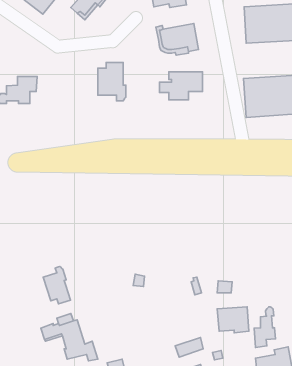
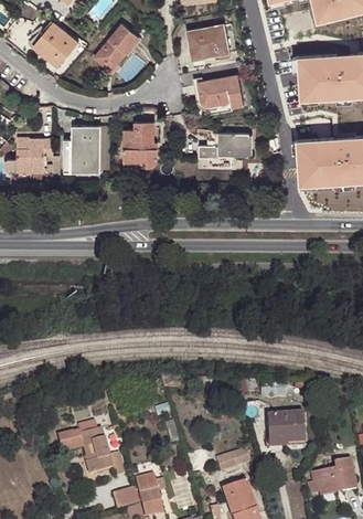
building: none -> [63,127,102,172]
building: [43,267,70,304] -> none
building: [254,307,275,348] -> none

